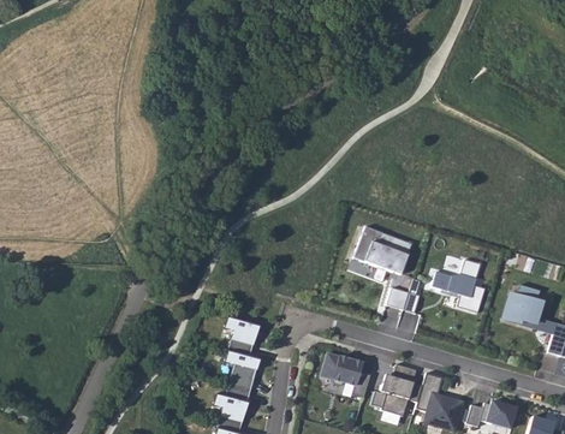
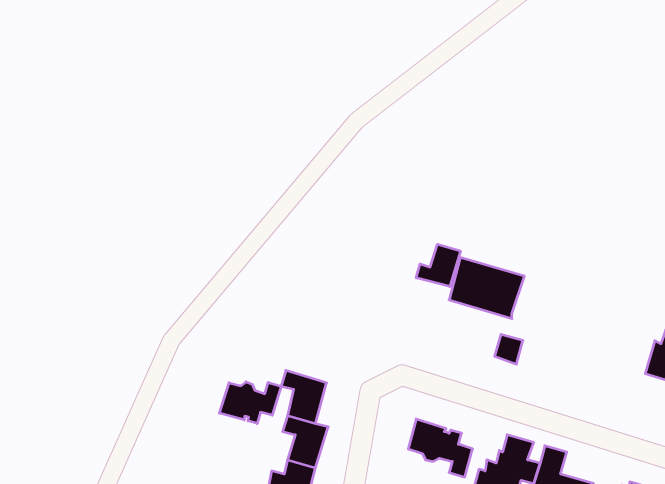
building: none -> [416,244,460,287]
building: [433,260,486,313] -> none
building: none -> [219,382,281,424]

